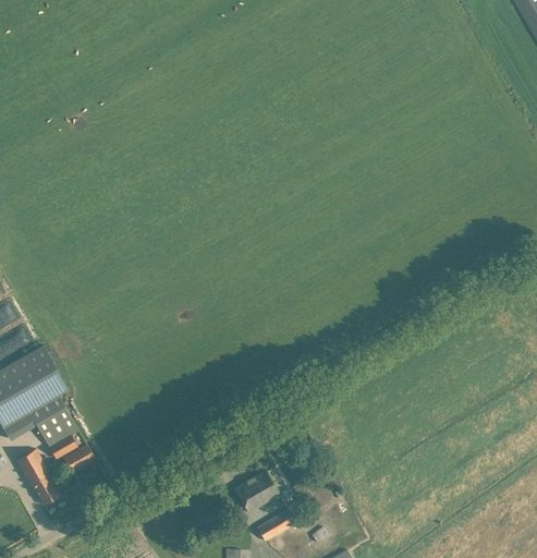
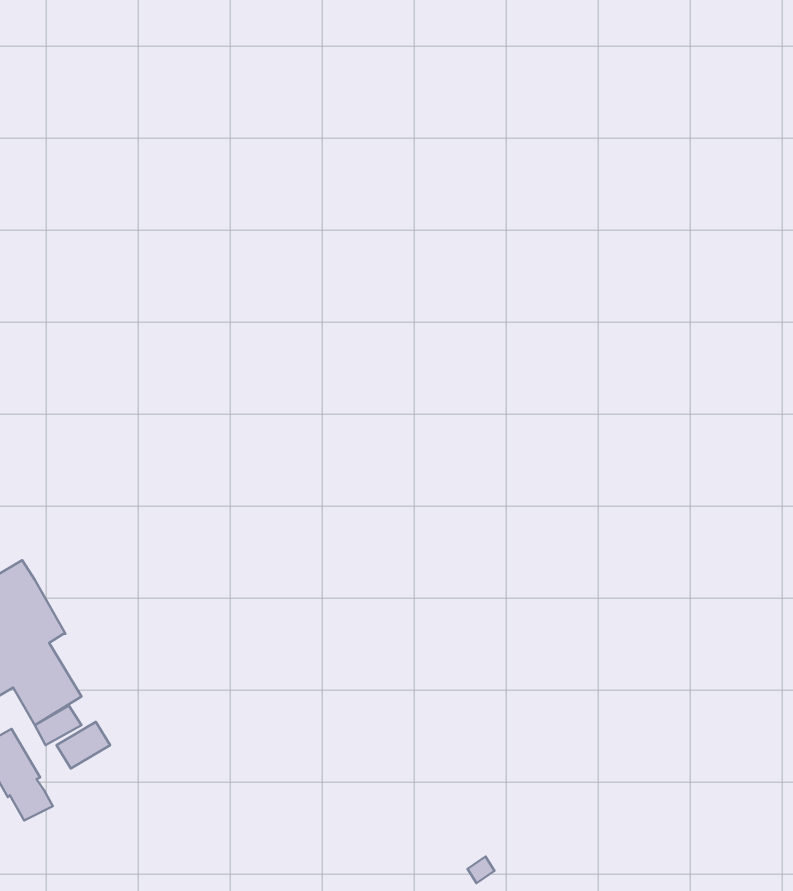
building: [234,471,280,513] -> none
building: [258,510,294,541] -> none

